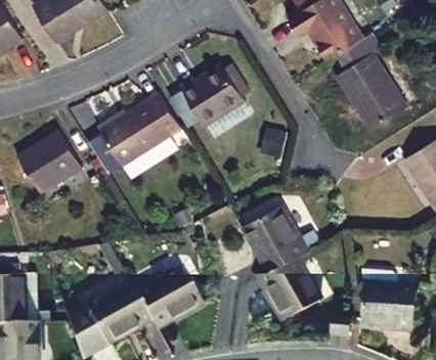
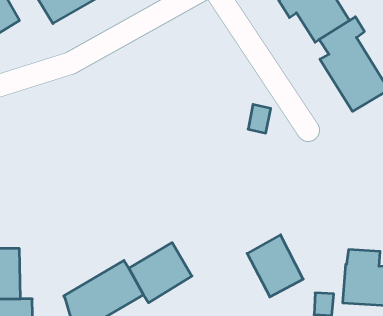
building: [180,66,246,126] -> none
building: [100,93,185,166] -> none
building: [17,131,82,193] -> none
building: [247,208,306,272] -> none

